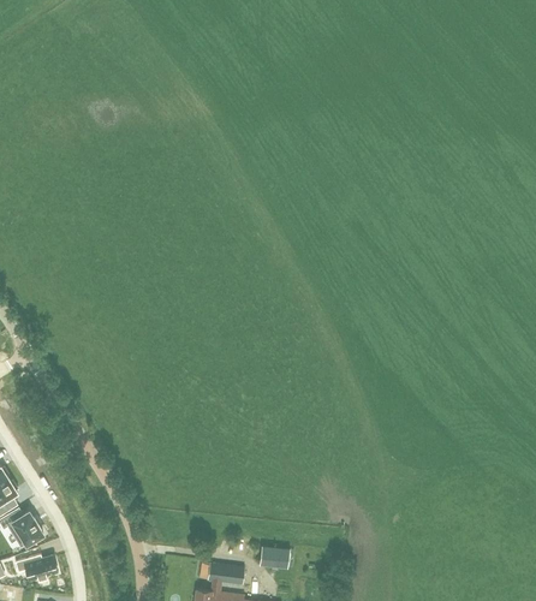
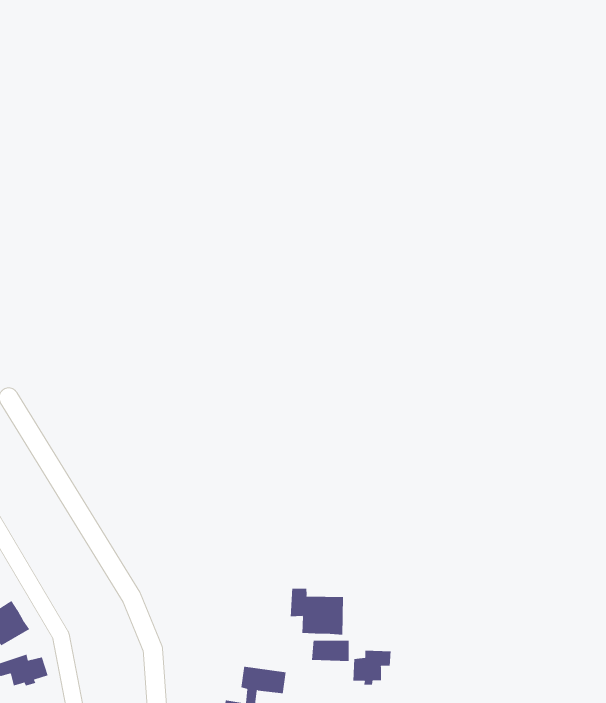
building: none -> [290,588,343,635]
building: none -> [353,650,391,685]

